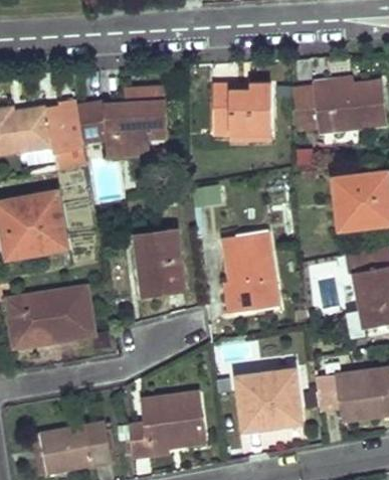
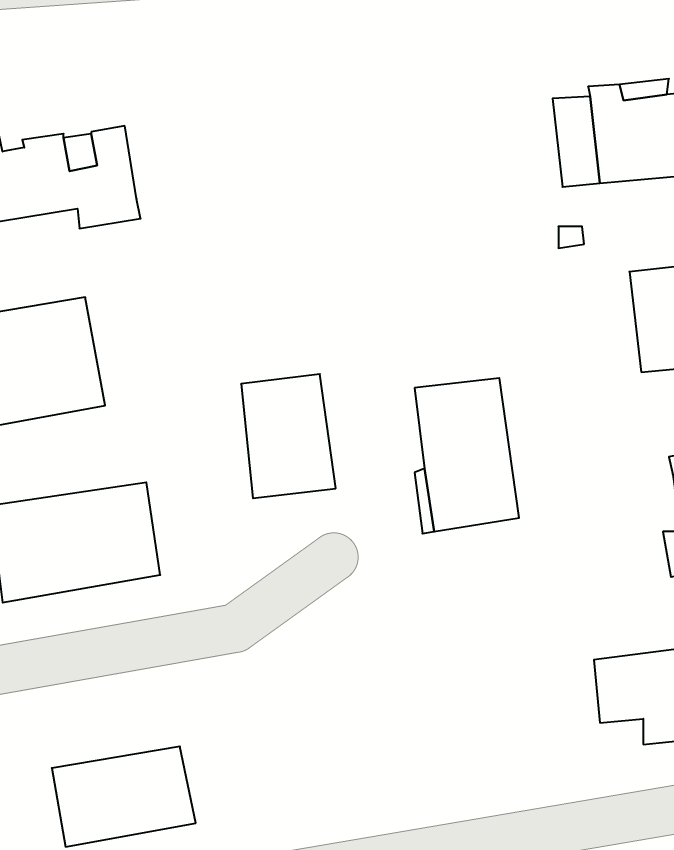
building: [214,85,273,133] -> none
building: [74,88,167,156] -> none
building: [236,370,301,429] -> none
building: [129,392,203,454] -> none

